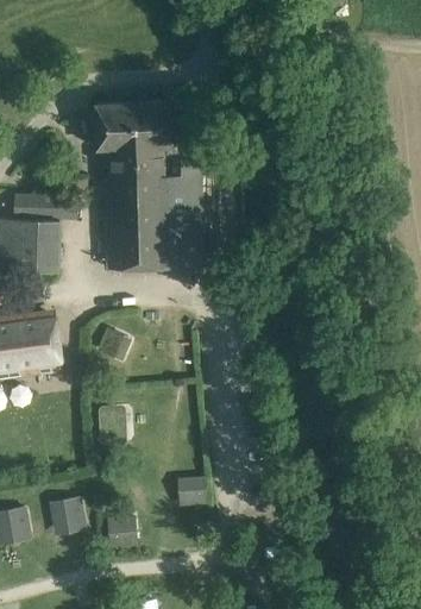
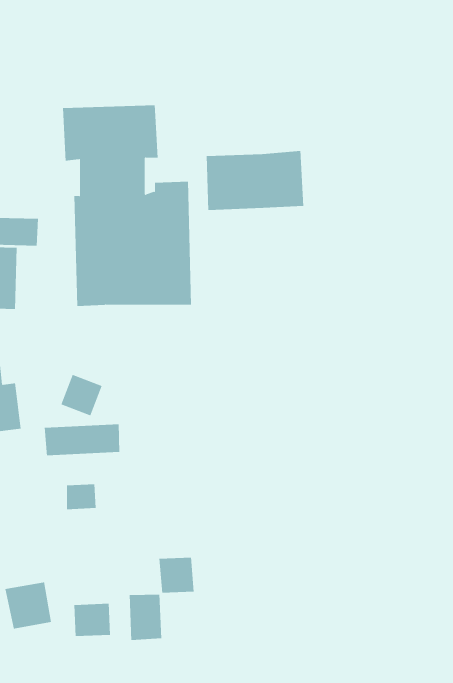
building: none -> [206,150,304,211]
building: none -> [44,423,120,456]
building: none -> [129,594,162,641]

